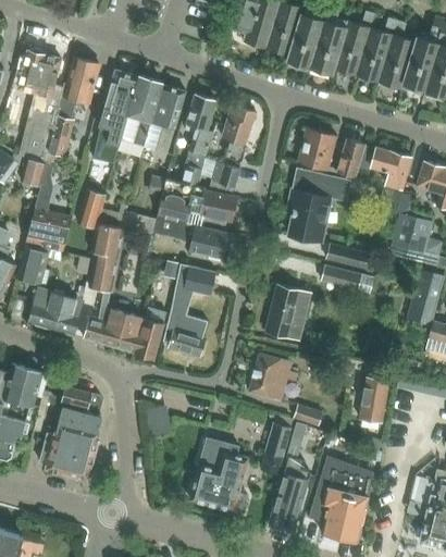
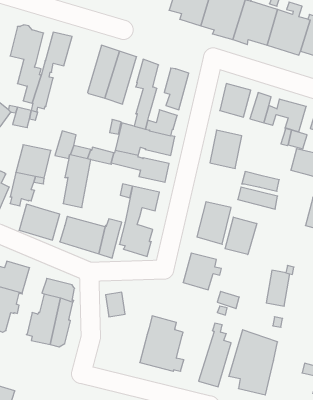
building: [99,71,138,163] -> none
building: [292,169,350,202] -> none
building: none -> [225,217,257,255]
building: [259,423,290,475] -> none

